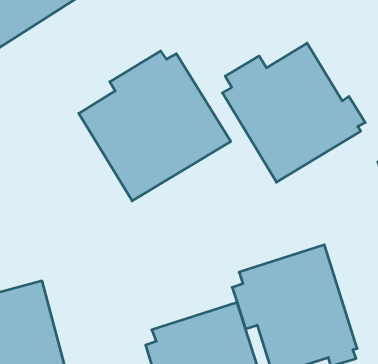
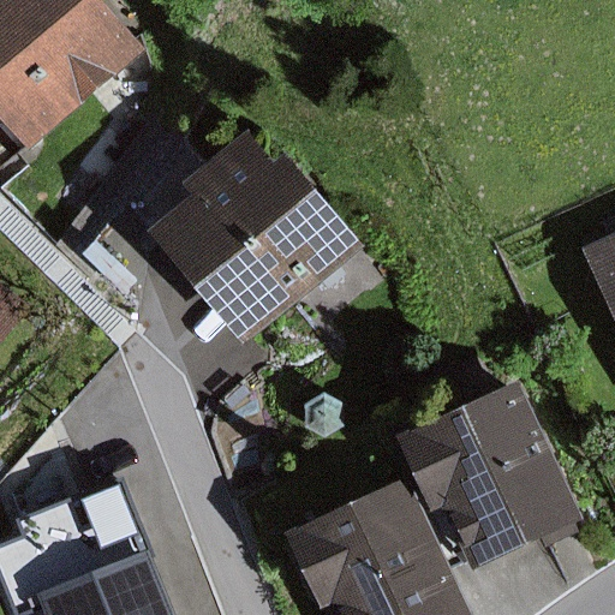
building: [222,43,365,182] -> none

